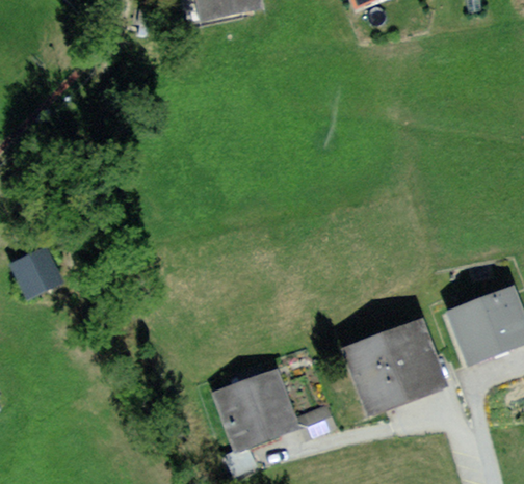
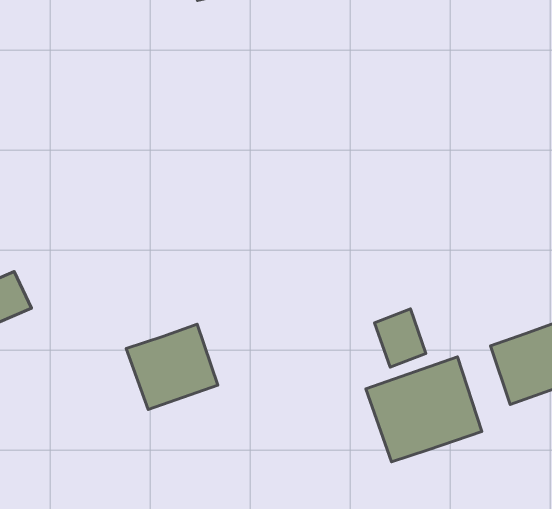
building: none -> [375,309,426,367]
building: [216,372,294,445] -> [126,324,218,410]

